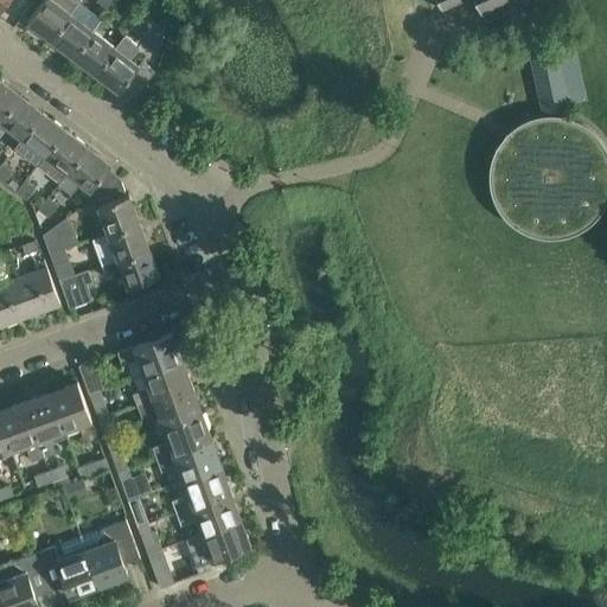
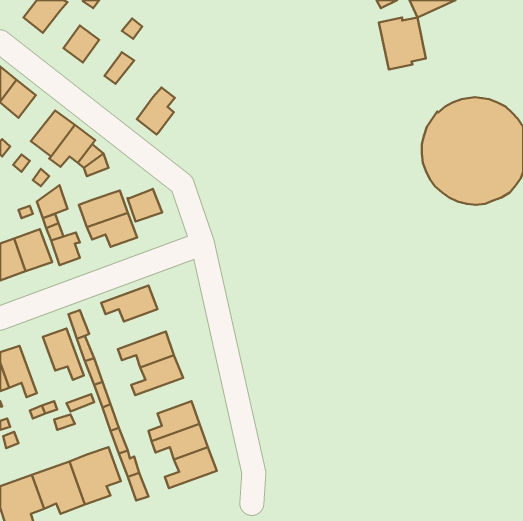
building: [50,14,92,58] -> none
building: [96,38,140,92] -> [137,88,175,135]
building: [530,53,584,114] -> [379,17,426,70]
building: [13,113,64,166] -> none
building: [98,196,139,234] -> [127,189,162,222]
building: [133,360,192,407] -> none
building: [23,392,64,458] -> none
building: [156,440,222,481] -> none

